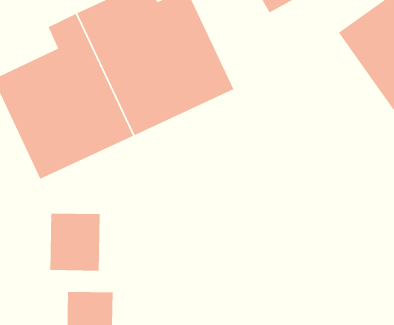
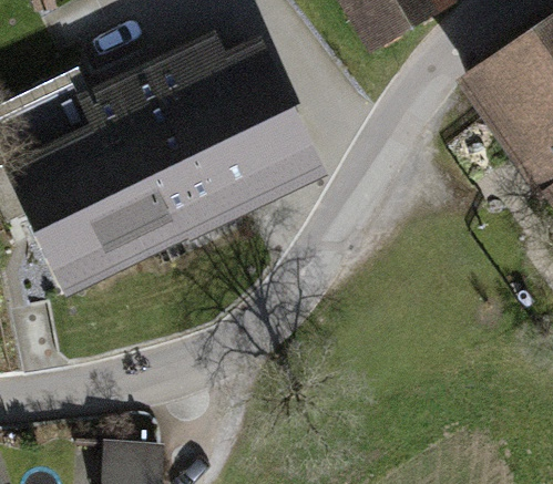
building: [50,213,101,271] -> none

